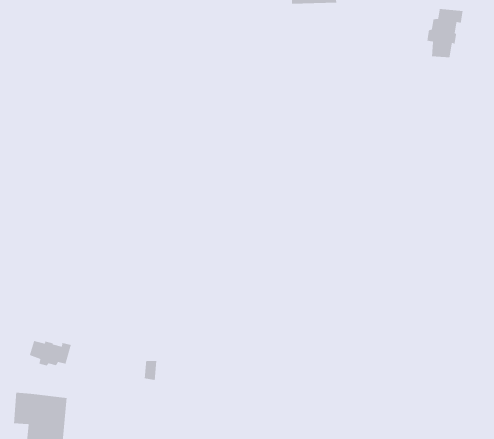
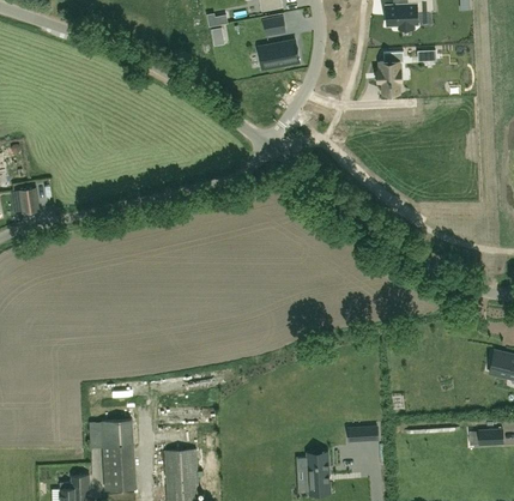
building: [29,340,72,366] -> none

